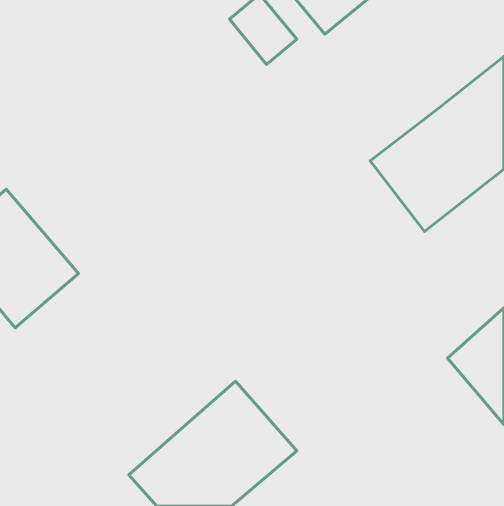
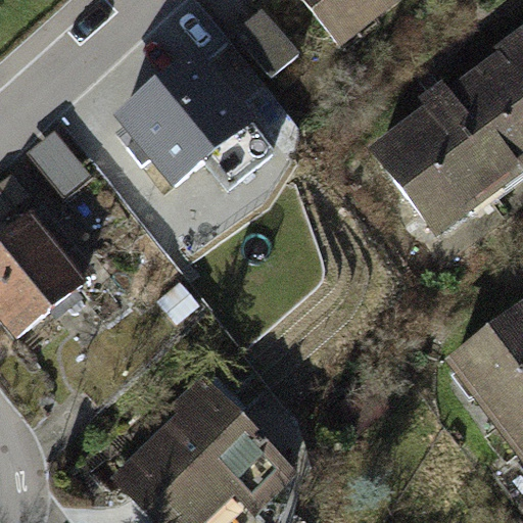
building: none -> [122,52,259,189]

